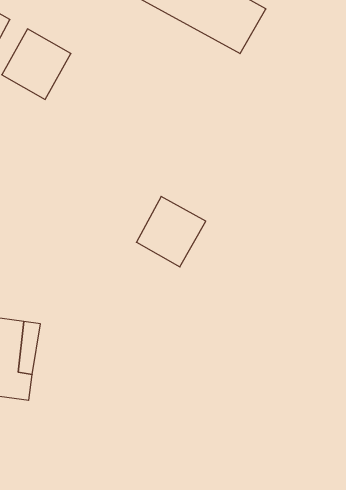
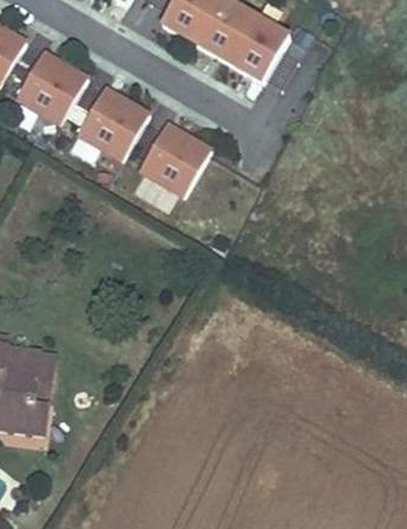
building: none -> [78,86,149,158]
building: [136,196,206,267] -> [140,121,211,193]

